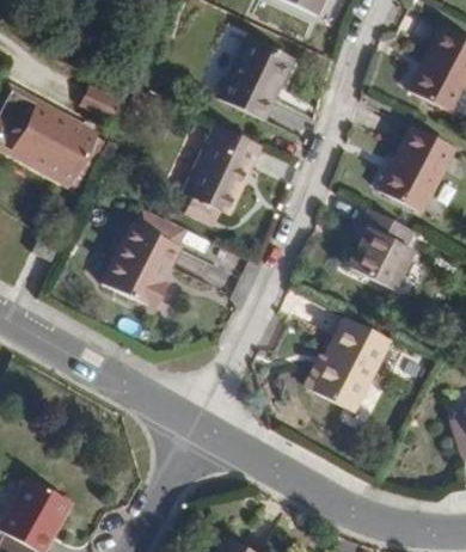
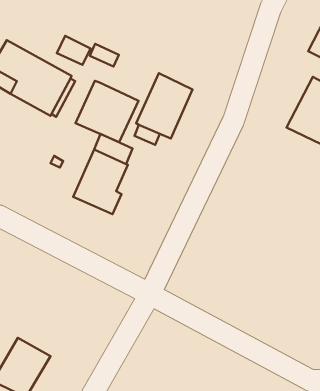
building: [217,35,290,118] -> none
building: none -> [76,81,139,142]
building: [349,210,417,292] -> none
building: [313,323,391,416] -> none

